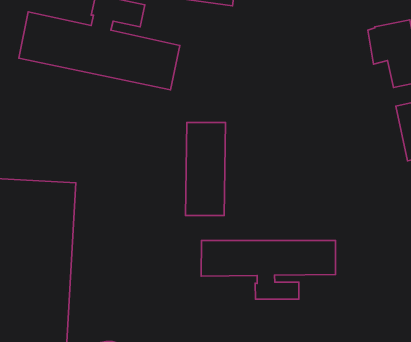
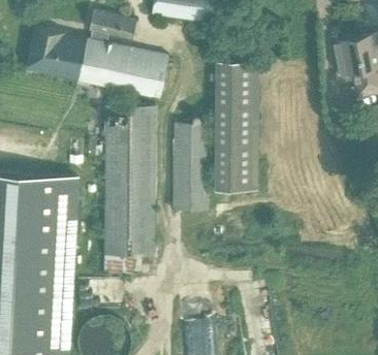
building: none -> [215,62,258,189]
building: none -> [103,107,155,273]
building: [201,240,336,299] -> none

